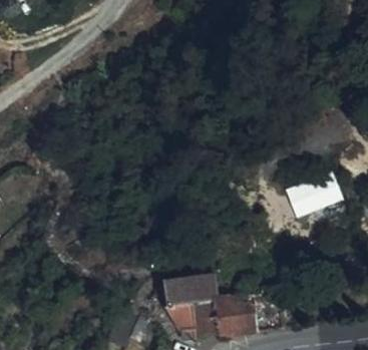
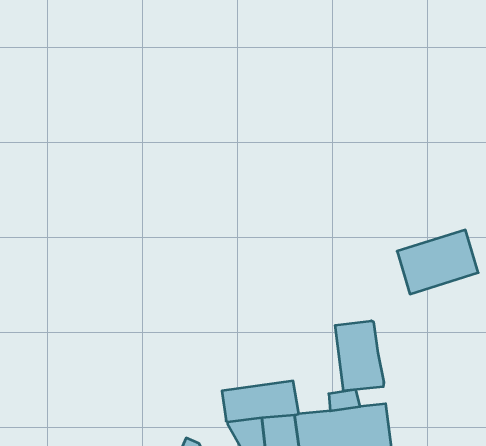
building: none -> [335,321,384,391]

